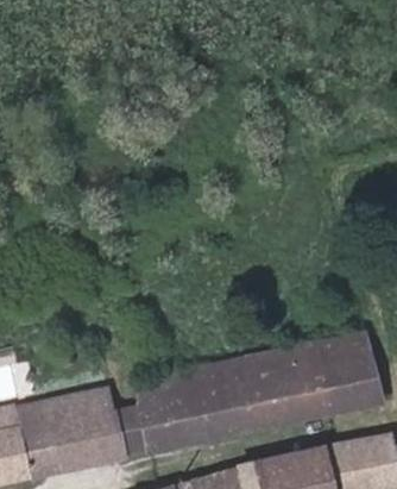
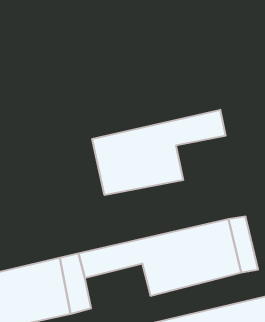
building: none -> [92,110,226,195]
building: [151,391,238,451] -> none

